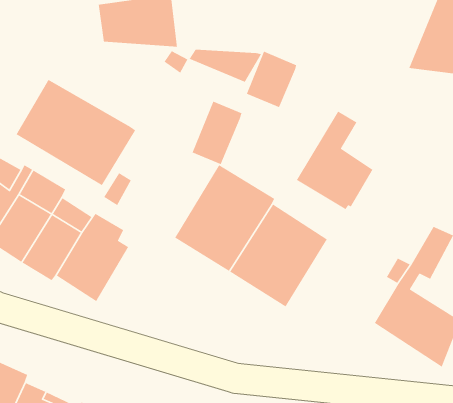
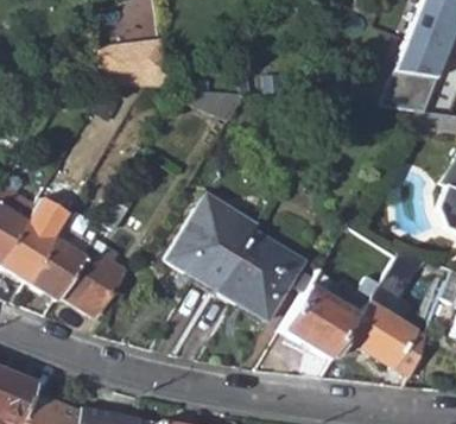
building: [246,51,297,108] -> none
building: [15,79,136,186] -> none
building: [192,101,243,165] -> none
building: [296,110,373,210] -> [283,267,353,357]

